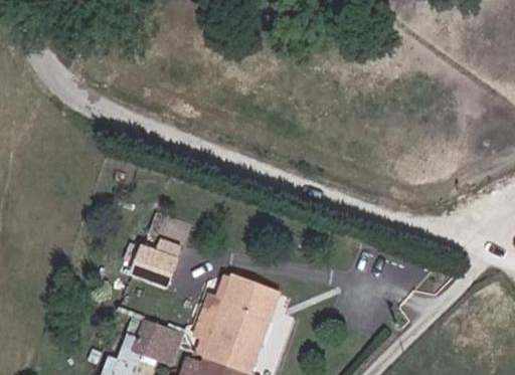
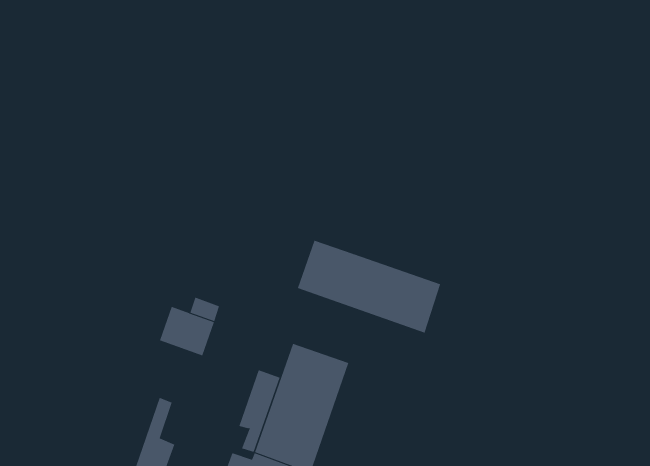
building: none -> [297,240,441,334]
building: [133,319,183,364] -> none

